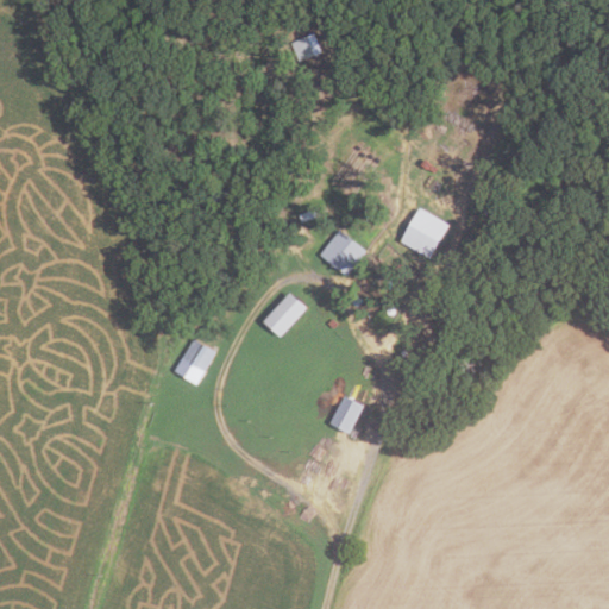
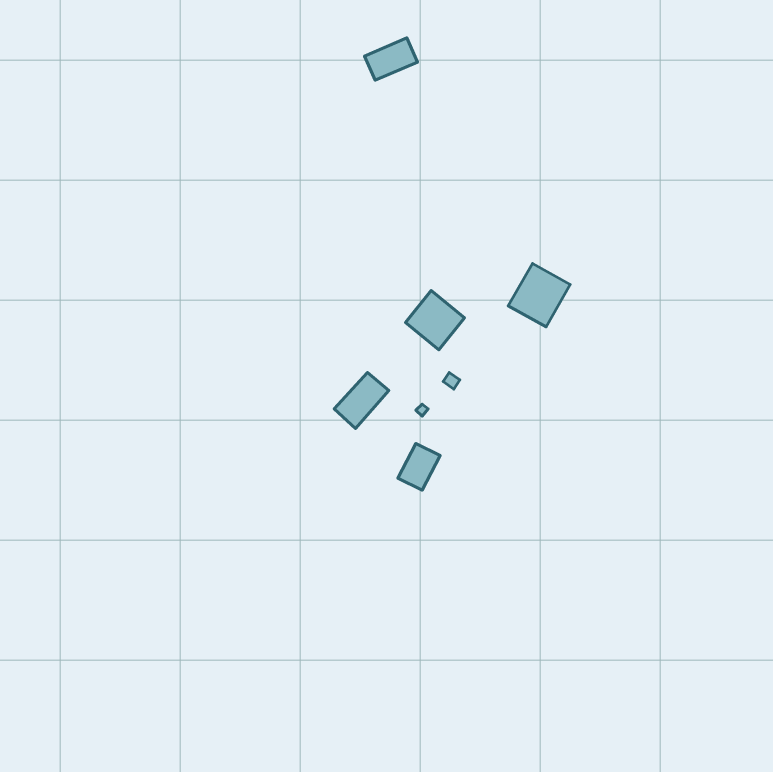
building: [174,338,215,384] -> none
building: [329,396,363,433] -> [398,443,440,490]

